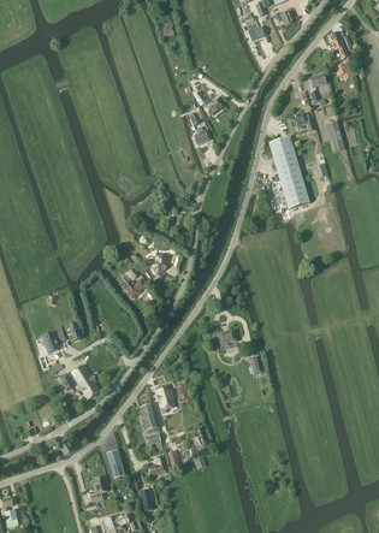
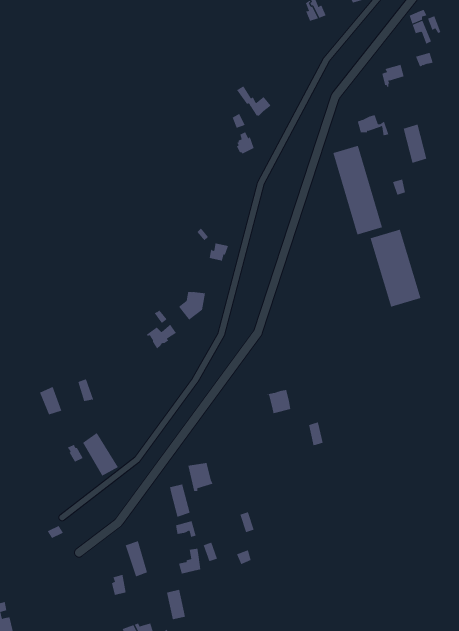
building: none -> [370,229,421,308]

